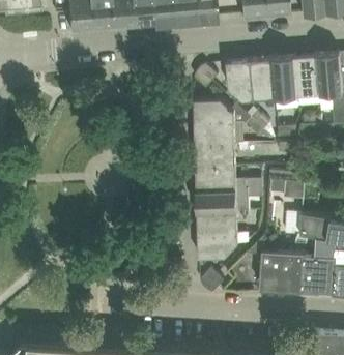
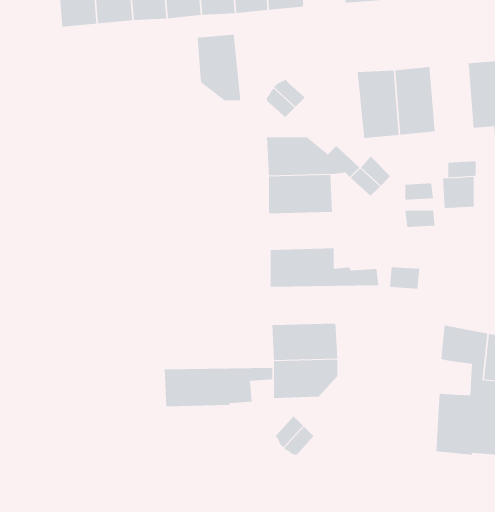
building: [294,57,322,107] -> none
building: [227,62,254,102] -> [197,34,241,101]
building: [196,147,236,170] -> none
building: [197,191,263,215] -> [164,368,273,407]
building: [261,254,299,292] -> none

